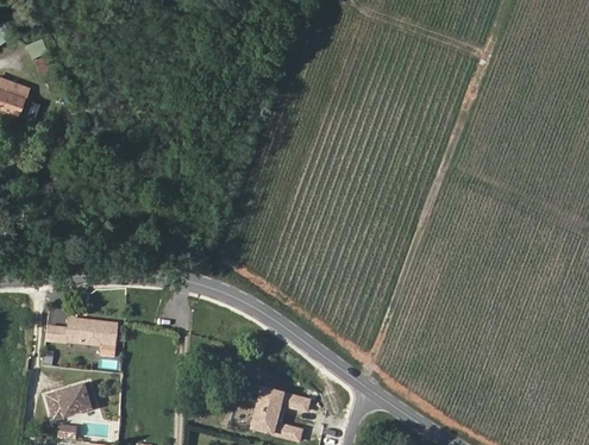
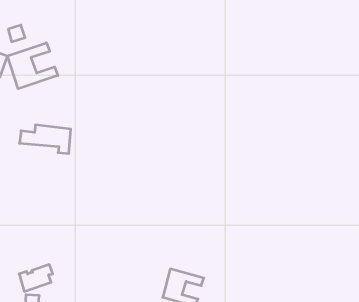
building: none -> [8,43,58,89]
building: [46,318,119,358] -> [19,125,71,153]

